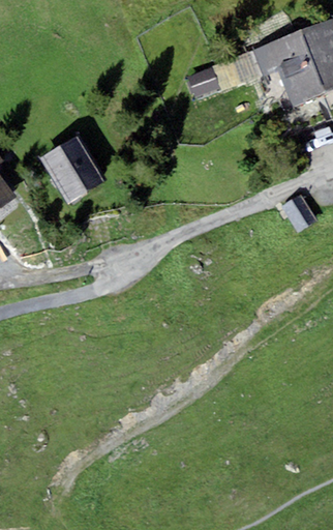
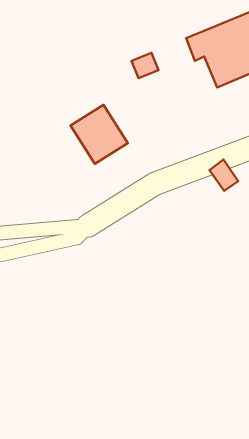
building: [39,134,108,204] -> [71,105,128,164]

